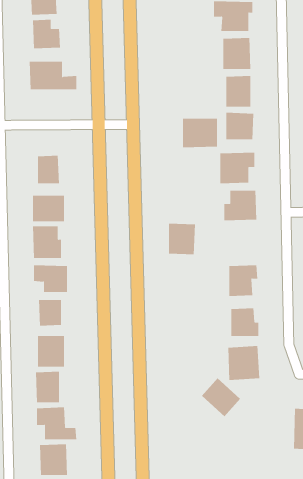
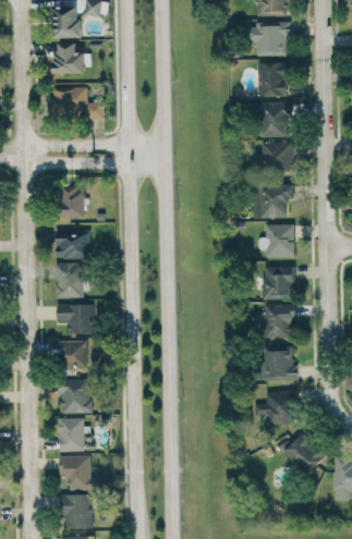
building: [182,118,218,148] -> none
building: [168,223,196,255] -> [263,266,292,299]
building: [201,377,241,417] -> [282,432,325,475]

